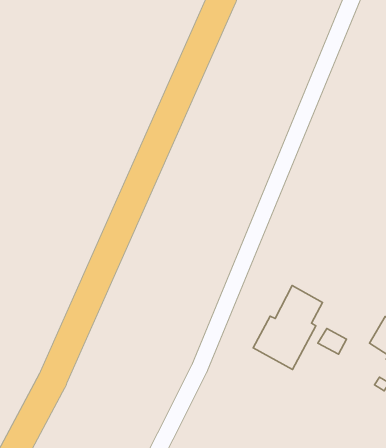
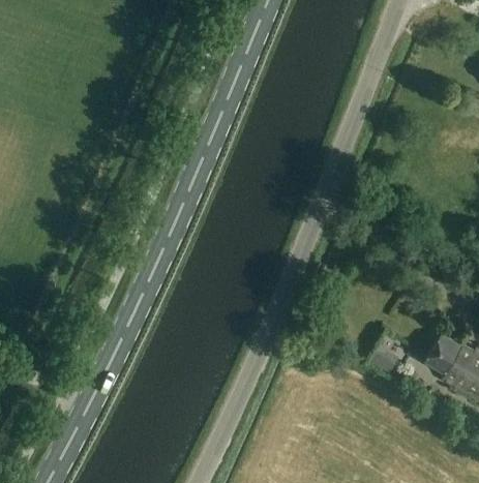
building: [253,286,322,369] -> none

